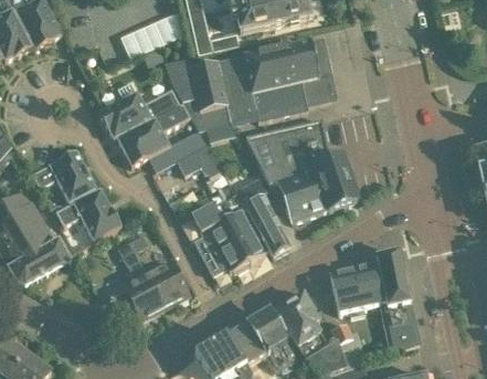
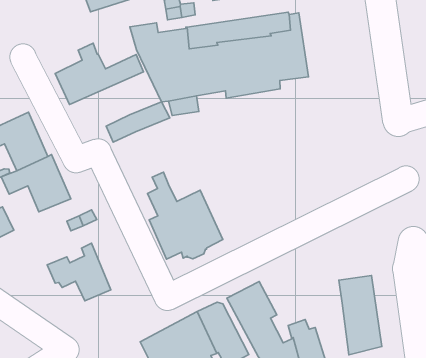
building: [116,102,191,165] -> none
building: [246,117,358,221] -> none
building: [177,144,222,176] -> none
building: [241,176,290,255] -> none
building: [330,252,405,313] -> none
building: [144,261,189,307] -> none

